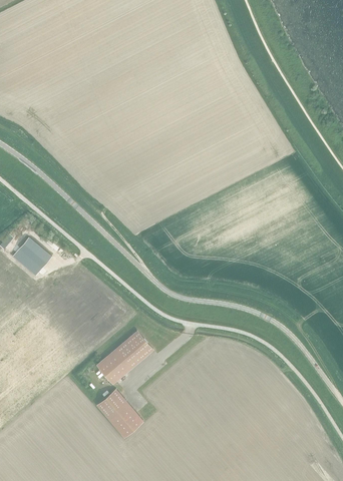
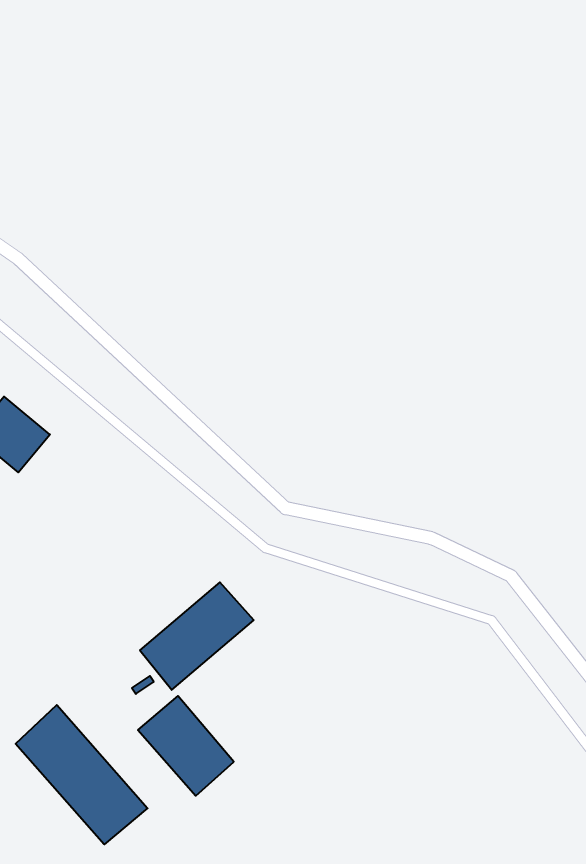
building: none -> [16,705,148,844]

